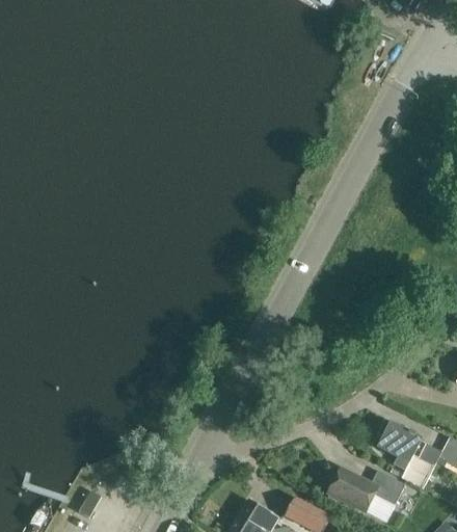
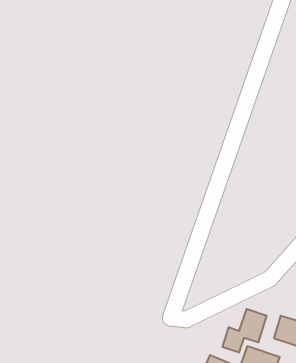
building: none -> [222,309,267,353]

